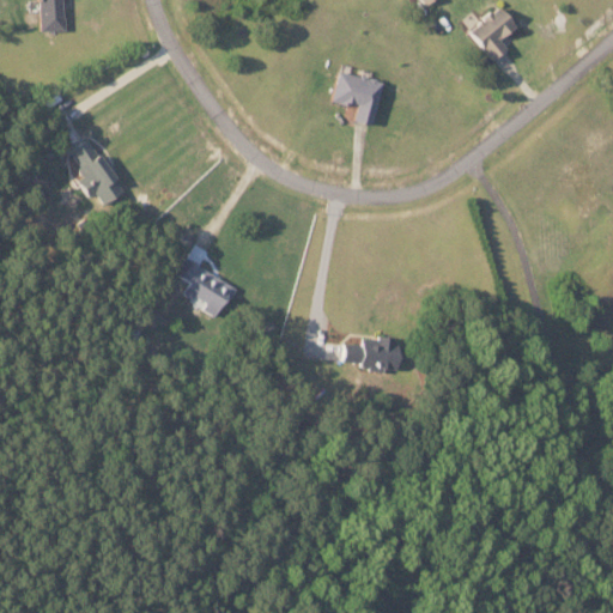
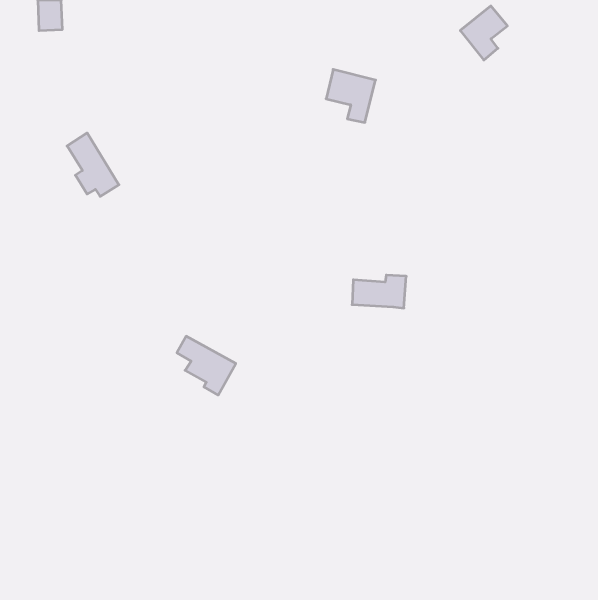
building: [177,257,237,317] -> [177,336,236,395]
building: [345,335,400,369] -> [352,275,406,308]

